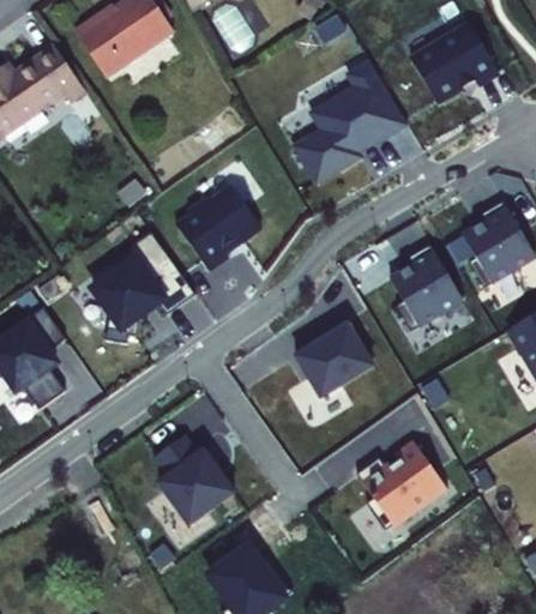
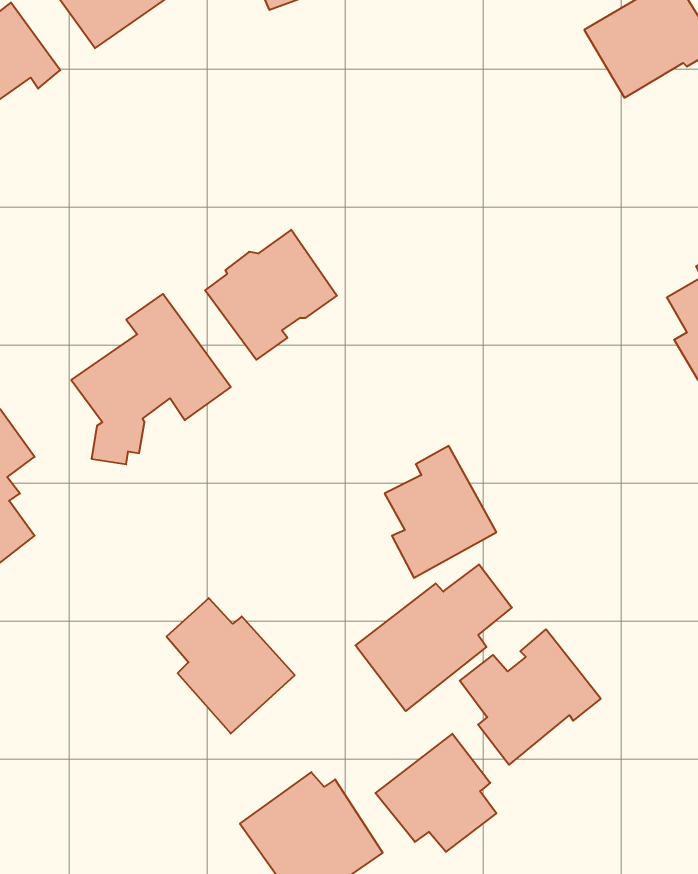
building: [302,61,416,183] -> none
building: [396,247,470,333] -> none
building: none -> [355,564,512,711]
building: none -> [375,734,496,852]

